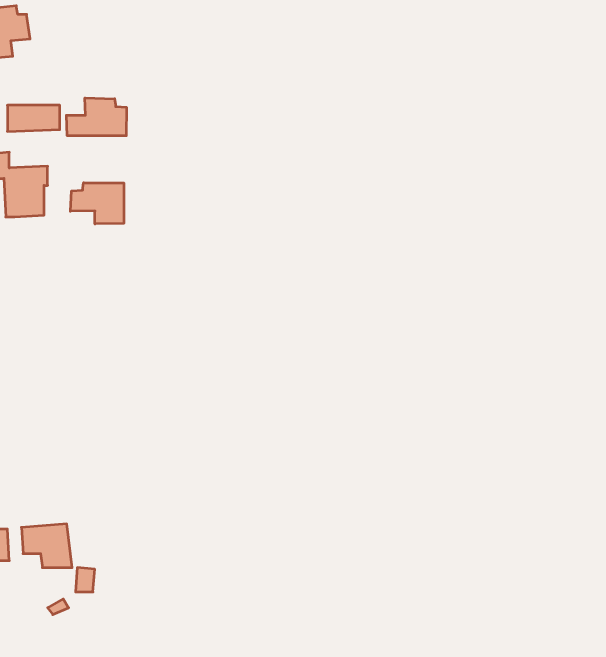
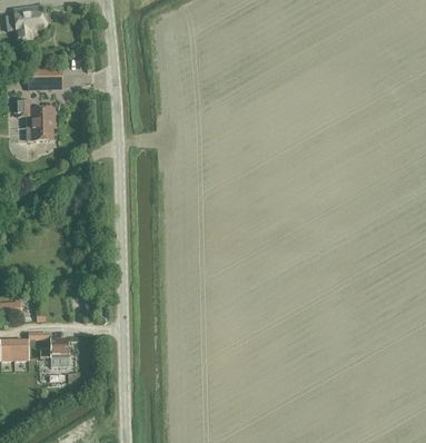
building: [66,98,126,136] -> none
building: [70,183,124,224] -> none

